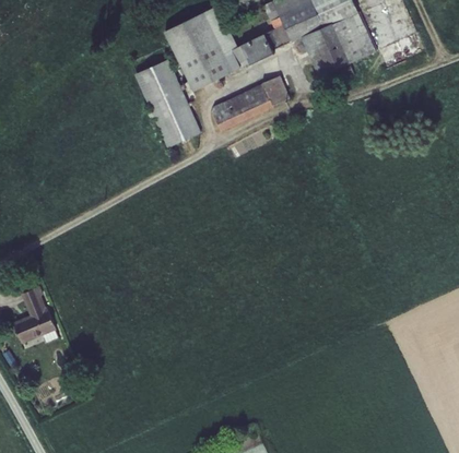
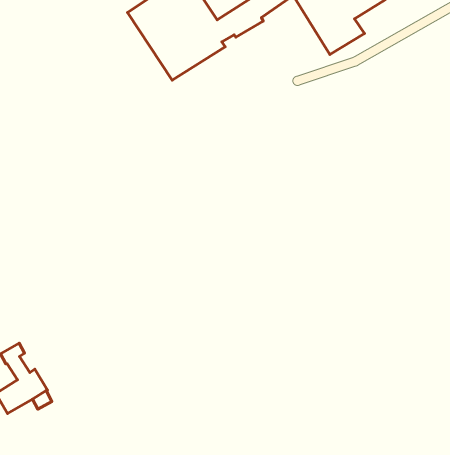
building: [136,60,199,147] -> none
building: [211,76,289,130] -> none

